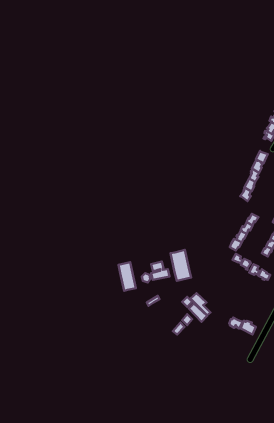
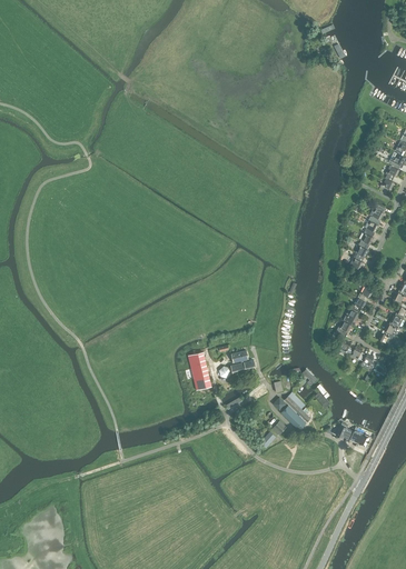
building: [171,250,191,281] -> none

